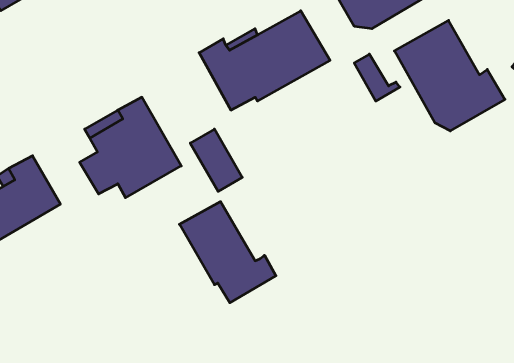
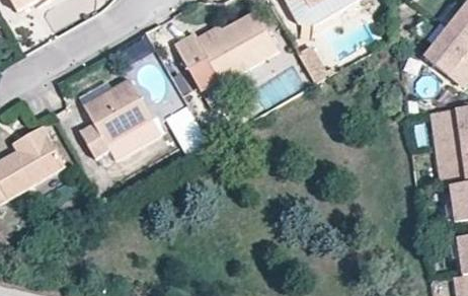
building: [394,20,505,131] -> none
building: [179,202,276,303] -> none

